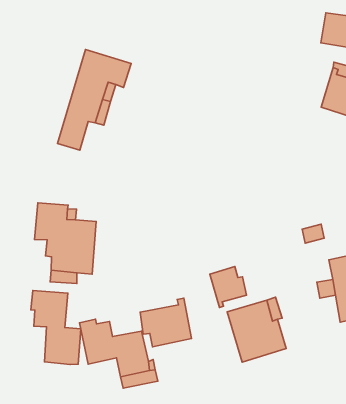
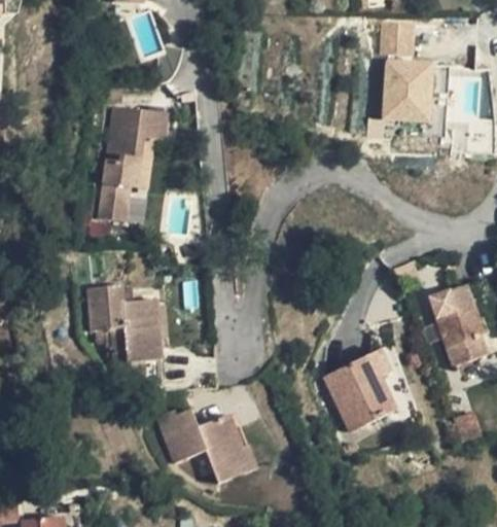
building: [210,267,247,308] -> none
building: [31,290,81,364] -> none
building: [140,298,192,347] -> none

